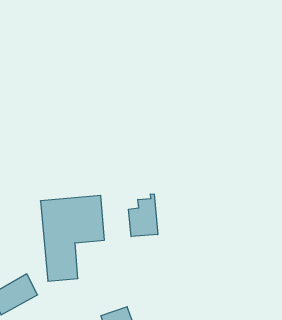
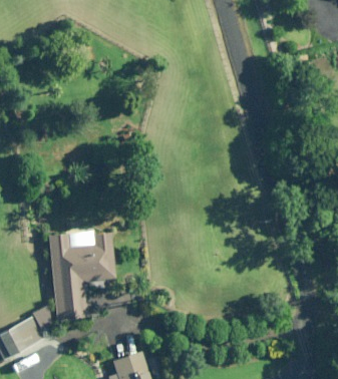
building: [129,194,158,237] -> none

